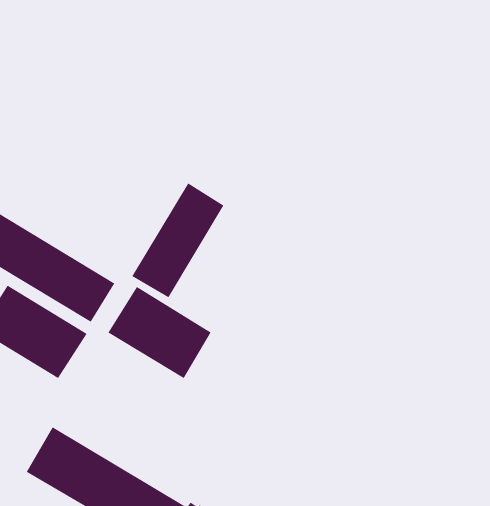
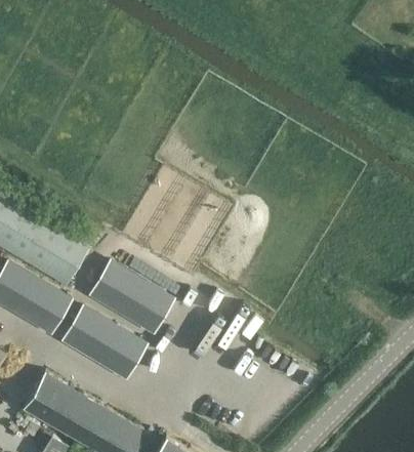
building: [131,183,224,298] -> none
building: none -> [59,302,149,380]

